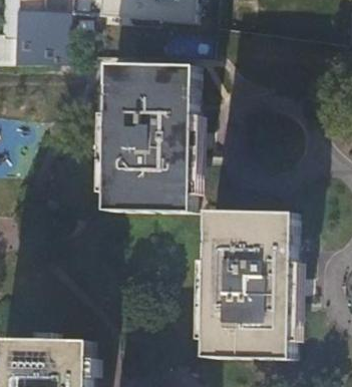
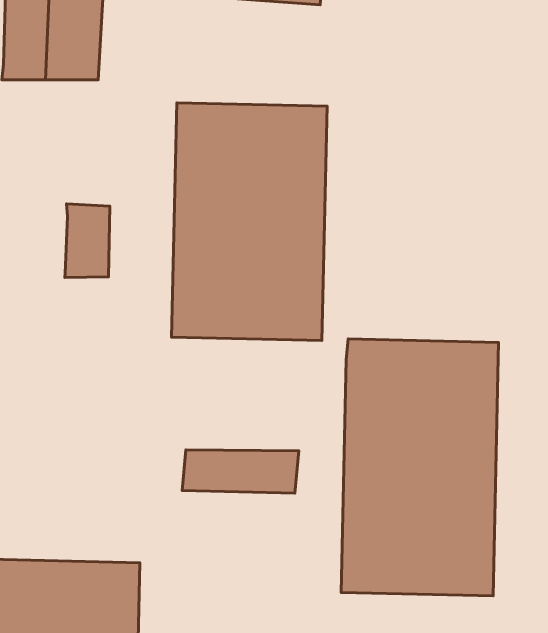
building: none -> [65,204,110,277]
building: none -> [182,450,299,493]

